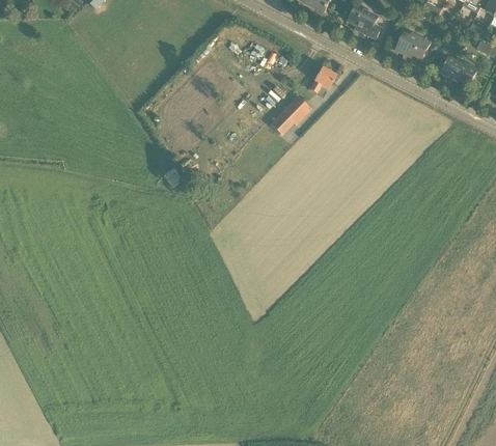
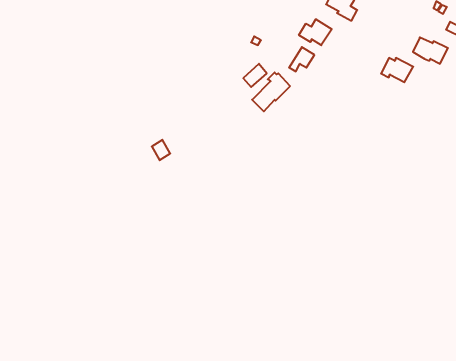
building: [396,32,431,58] -> [381,58,413,82]
building: none -> [299,19,332,45]

